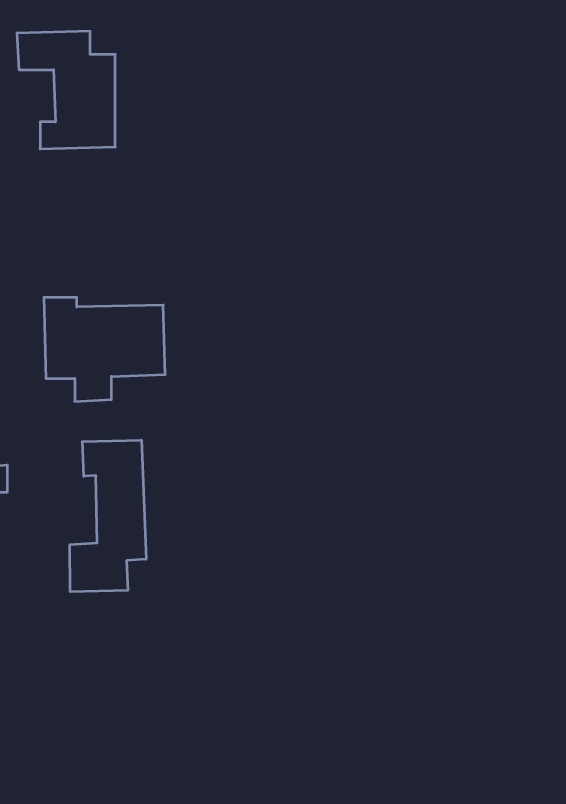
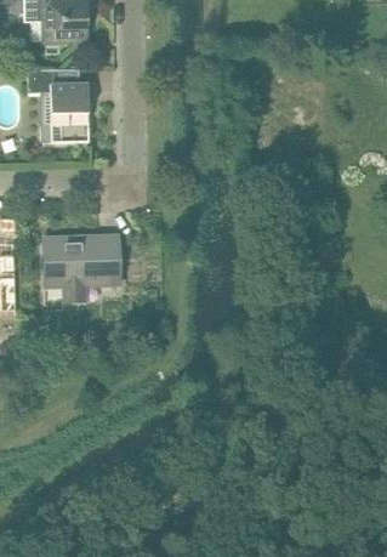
building: [70,440,146,592] -> none

